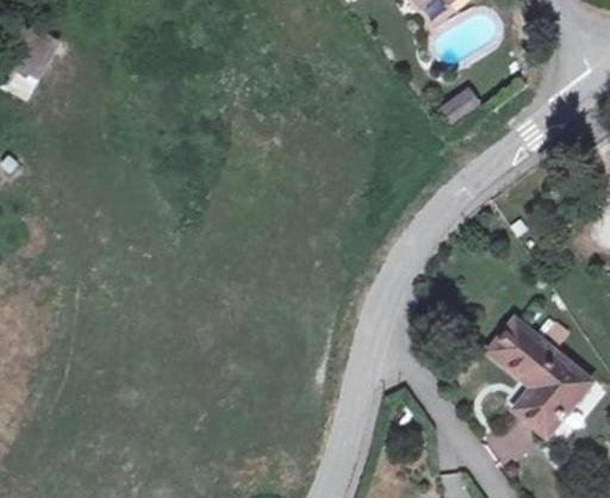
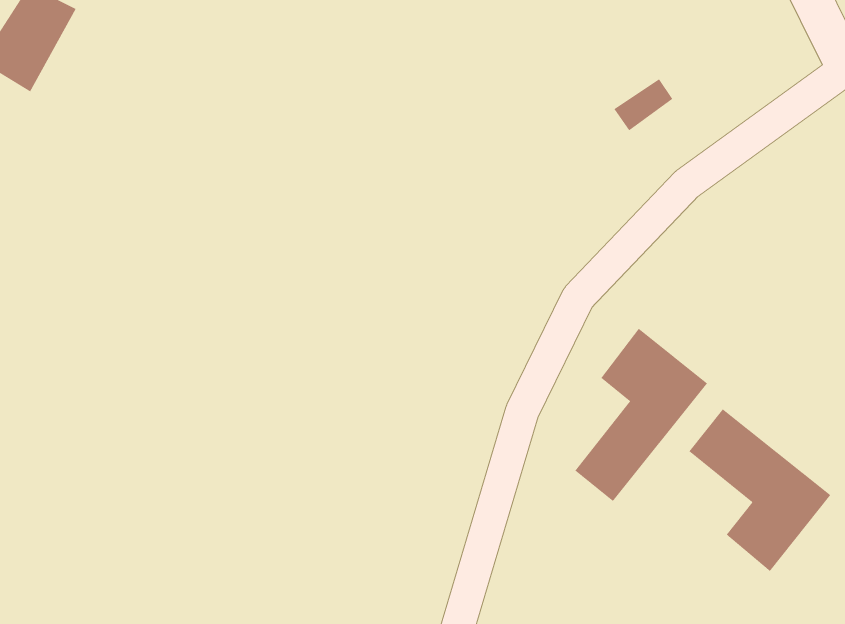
building: none -> [574,328,708,502]

